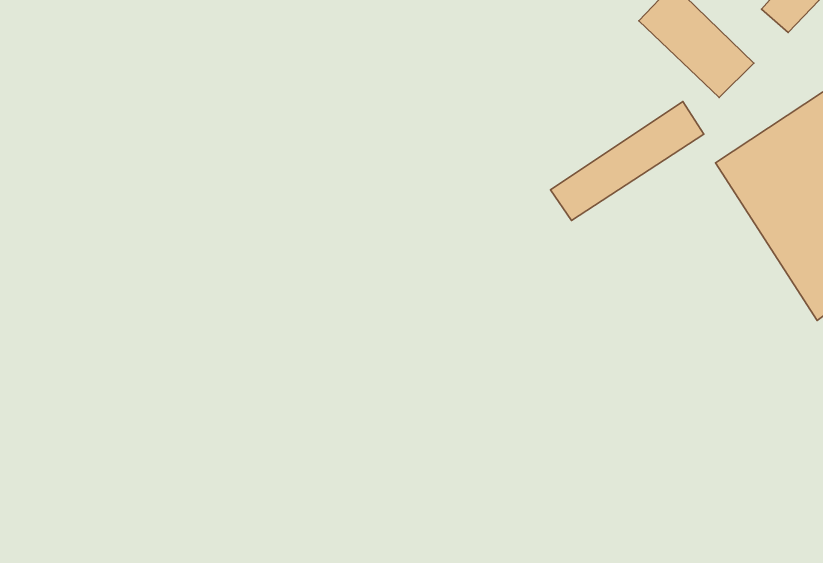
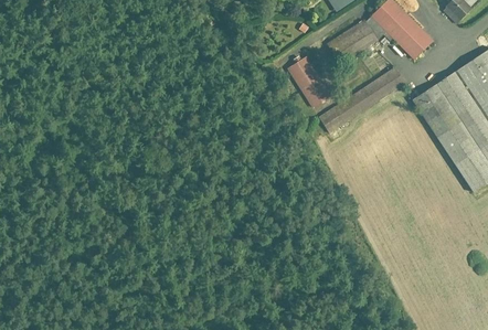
building: none -> [327,21,374,60]
building: none -> [287,57,330,106]

